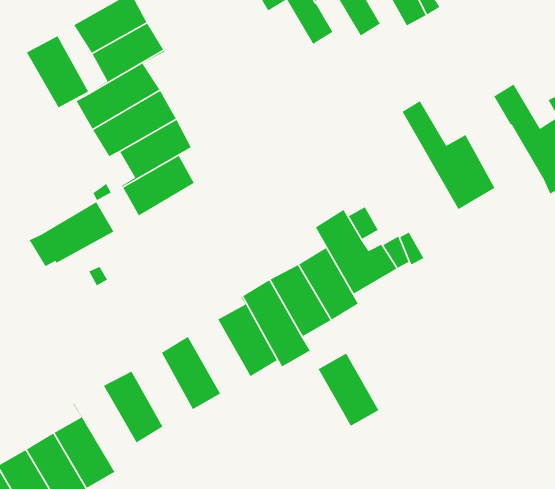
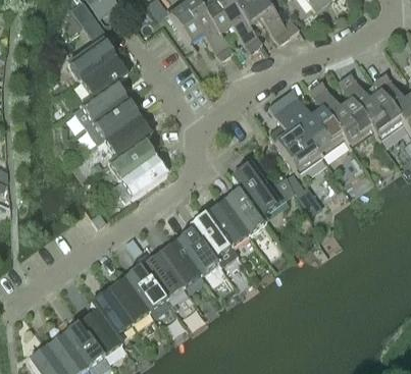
building: [15,31,89,109] -> none
building: none -> [309,81,374,149]
building: none -> [268,97,322,173]
building: [28,201,115,267] -> [113,155,167,200]
building: [317,352,379,427] -> [159,239,201,286]
building: none -> [125,264,166,311]
building: none -> [91,288,133,342]

